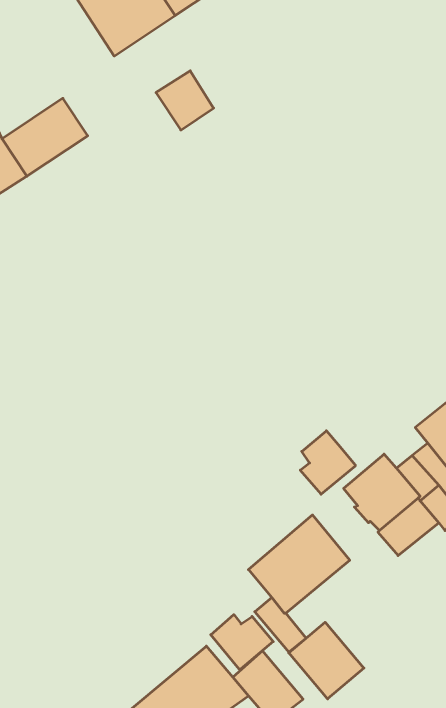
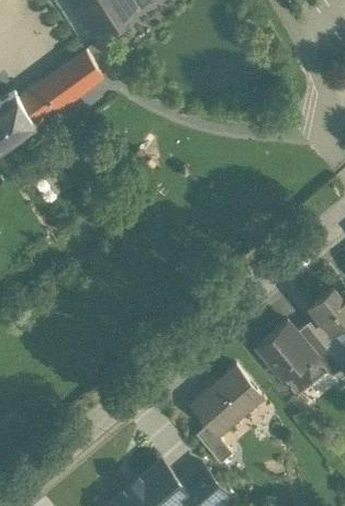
building: [156,71,214,130] -> [60,59,101,101]
building: [300,431,355,494] -> none
building: [211,615,273,669] -> none
building: [289,622,364,699] -> none

